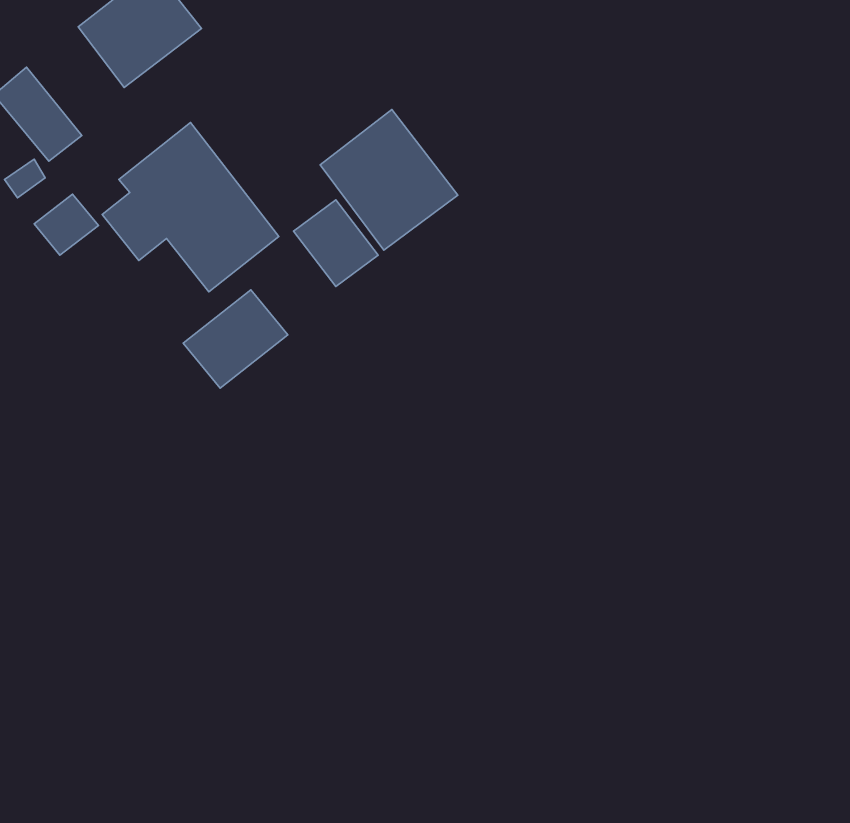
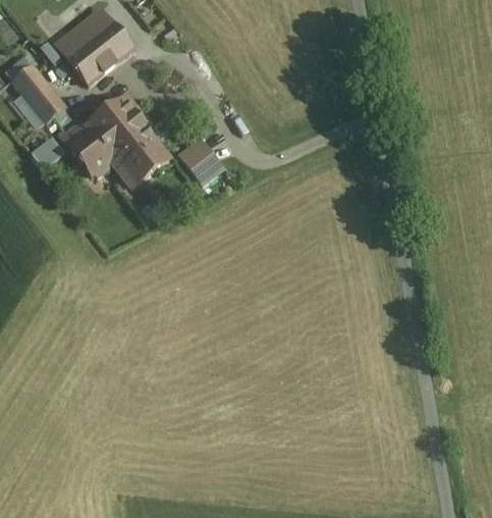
building: [320,109,458,250] -> none
building: [183,290,288,388] -> none

